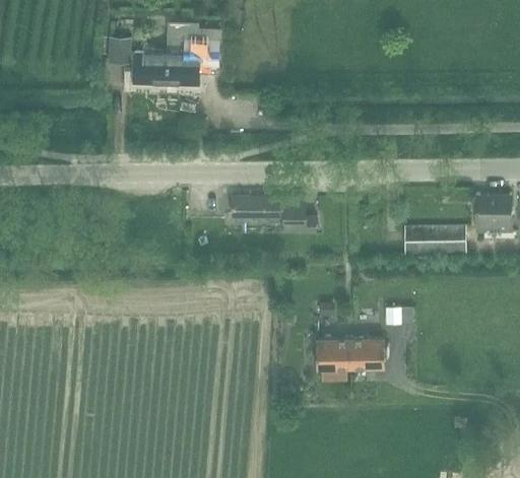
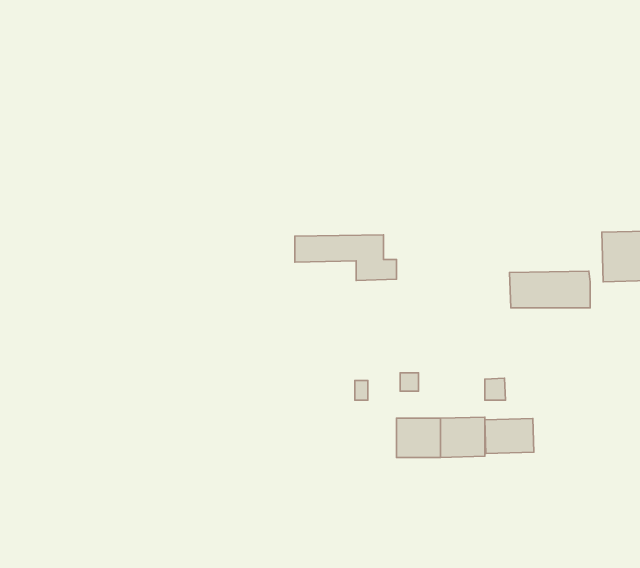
building: [109,28,219,85] -> none
building: none -> [485,419,534,454]

